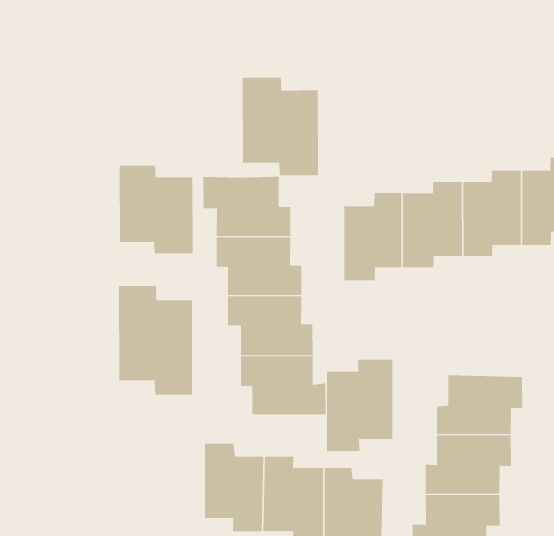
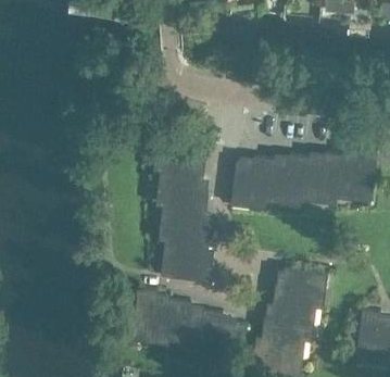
building: [242,77,318,176] -> none
building: [119,165,193,254] -> none
building: [119,285,192,395] -> none
building: [327,359,393,452] -> none

